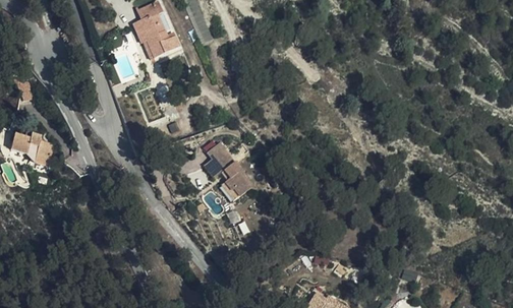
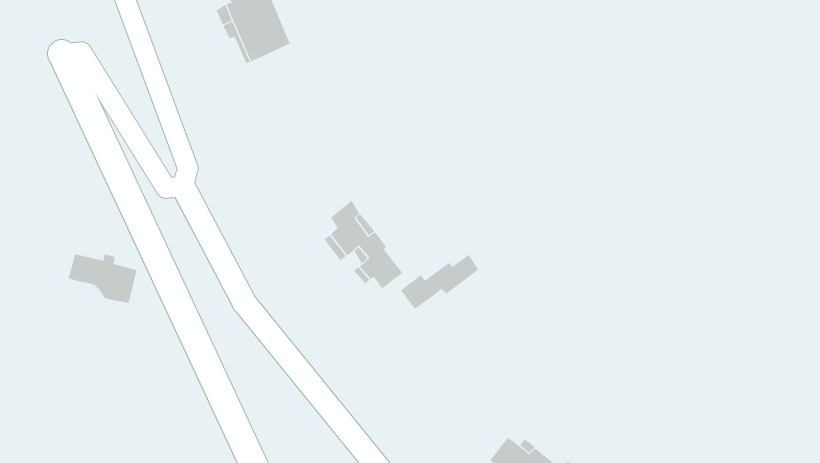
building: [14,134,57,165] -> [68,254,137,303]
building: none -> [400,254,479,310]

